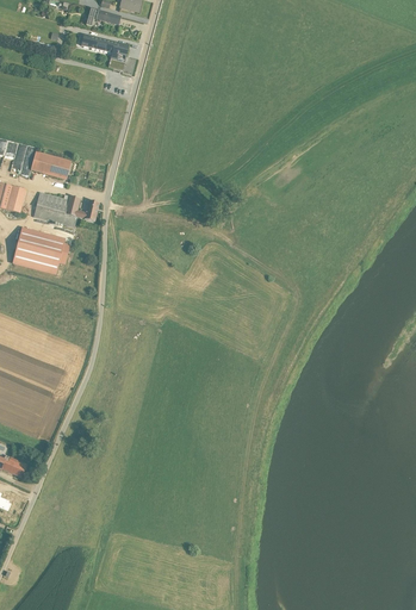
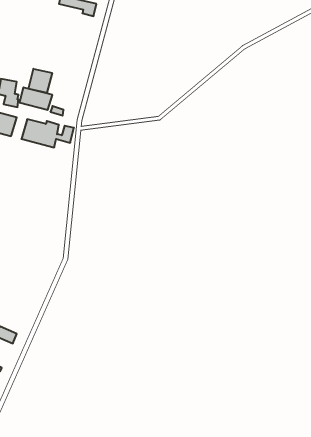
building: none -> [28,69,52,93]
building: [12,225,69,274] -> none

